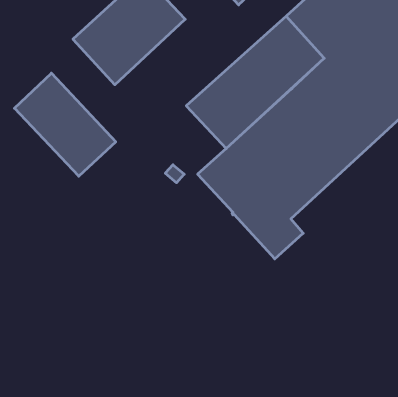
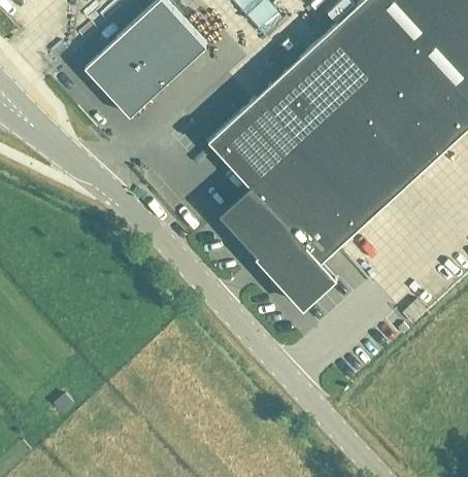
building: [14,73,116,176] -> none

